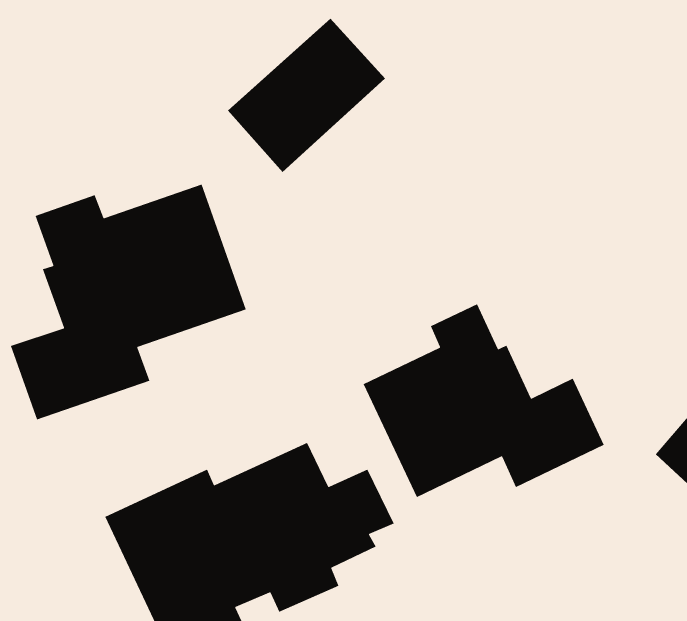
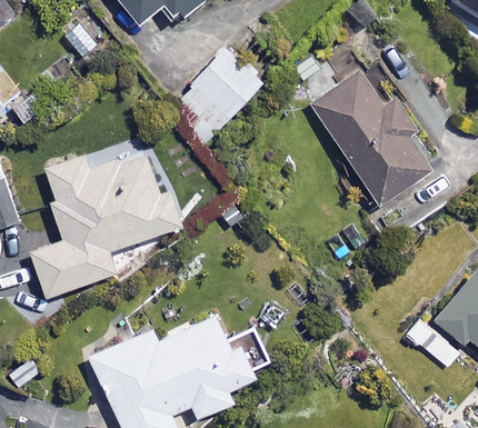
building: none -> [310,70,432,206]
building: [362,303,605,498] -> none

